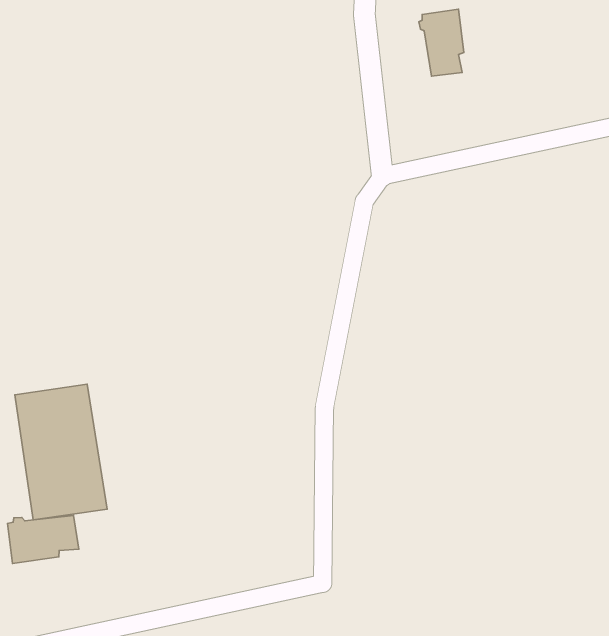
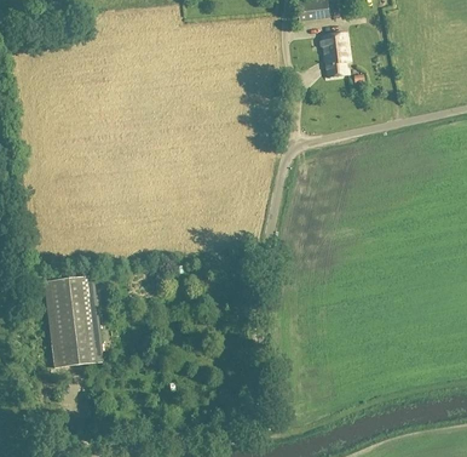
building: [8,515,79,564] -> none

